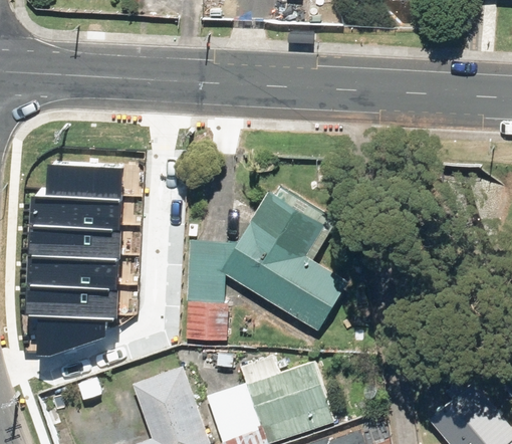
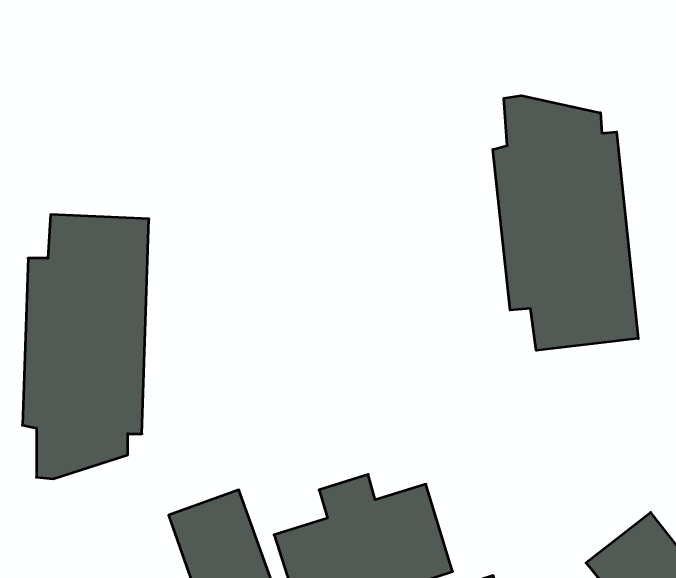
building: none -> [493,96,638,350]
building: [184,181,349,342] -> none

